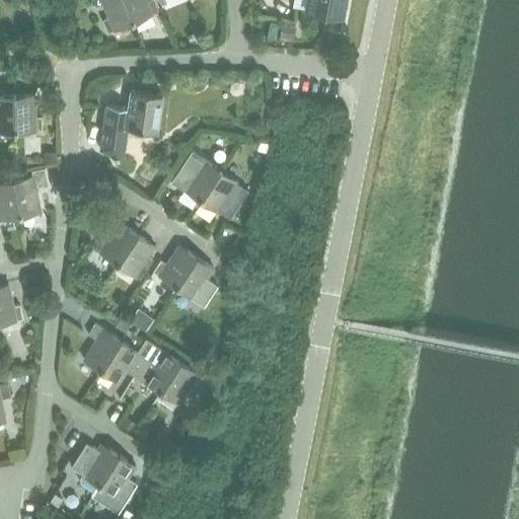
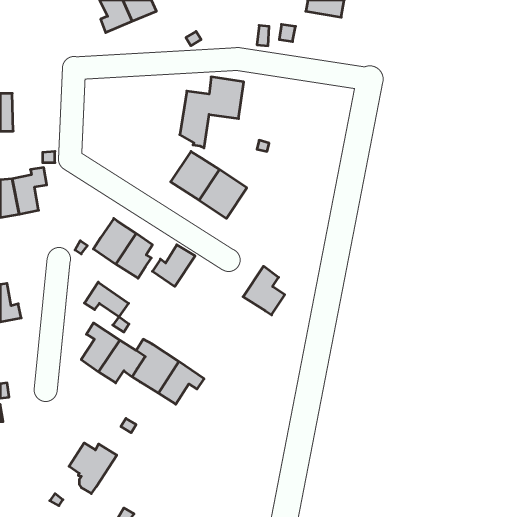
building: [97,91,161,162] -> [180,77,244,148]
building: [13,95,42,133] -> none
building: [175,257,217,306] -> [243,266,285,315]
building: none -> [84,282,129,317]
building: [91,456,136,514] -> none

